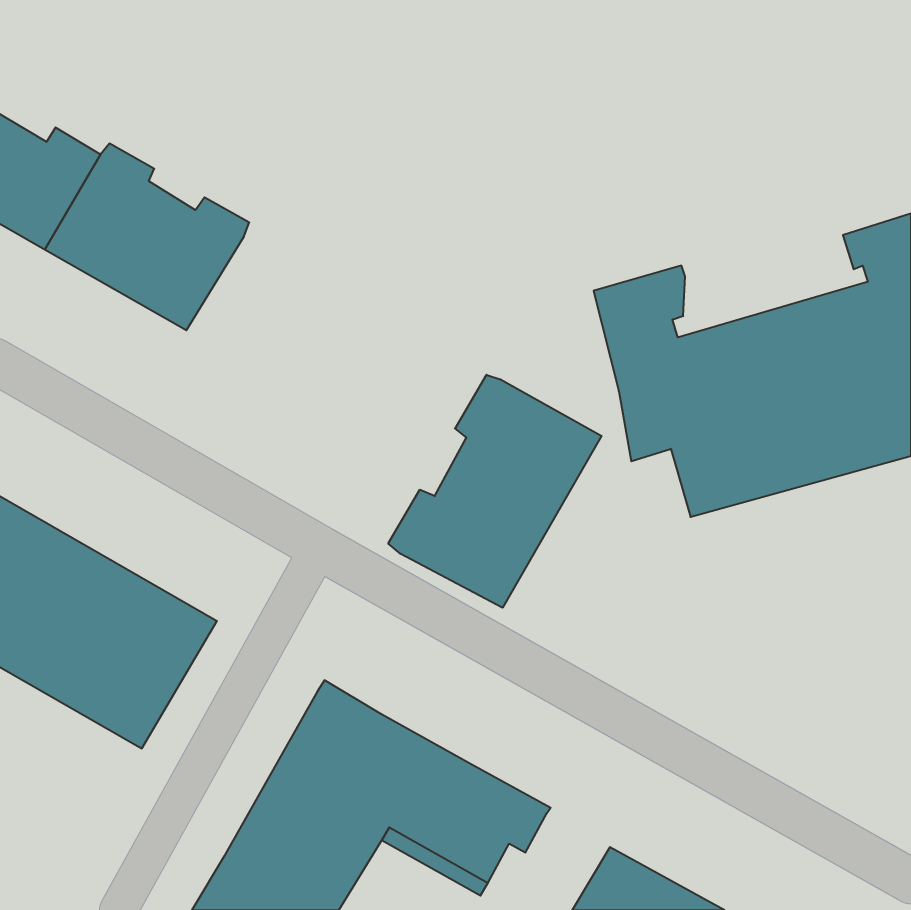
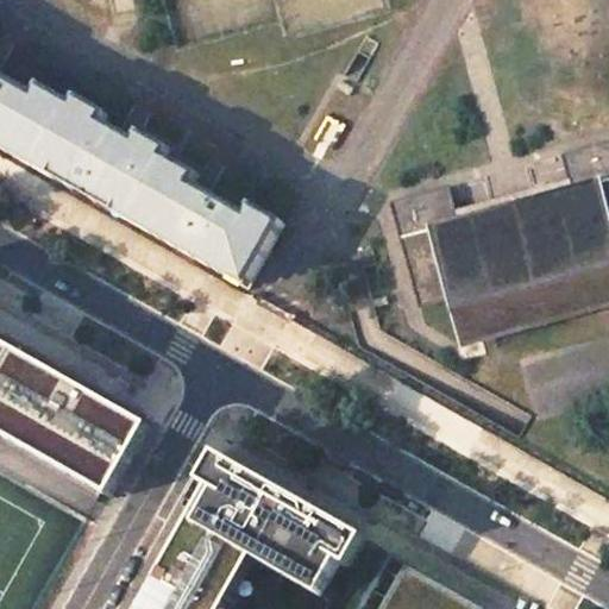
building: none -> [124,157,282,289]
building: [388,375,602,608] -> none

